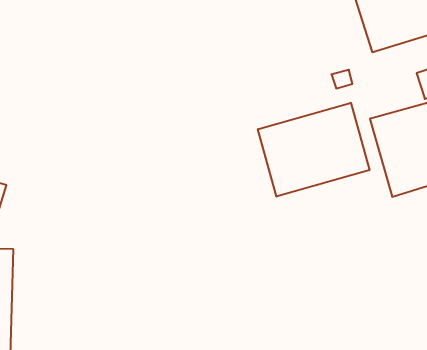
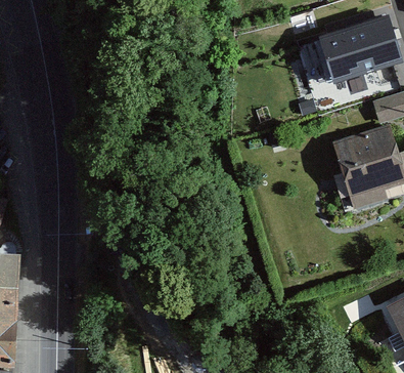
building: [258,103,369,197] -> none

